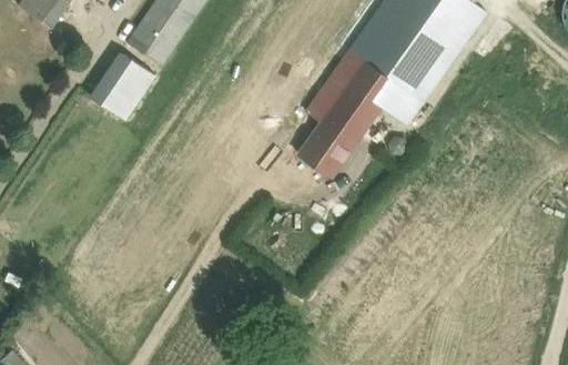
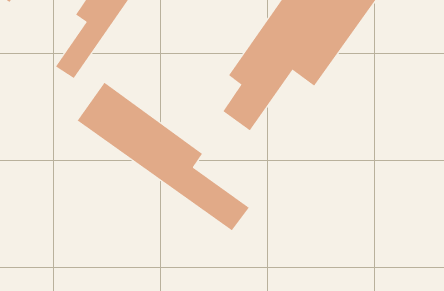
building: none -> [77,82,250,231]

